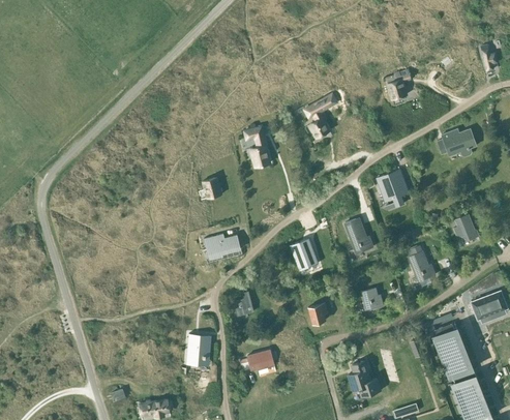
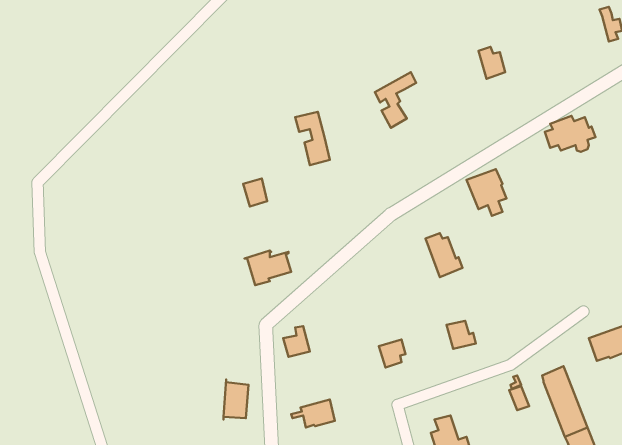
building: [454,214,479,241] -> none
building: [291,238,318,268] -> none
building: [408,244,436,281] -> none

